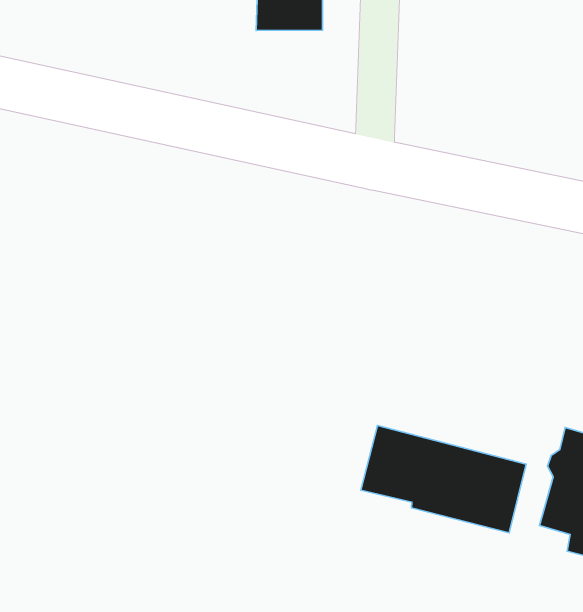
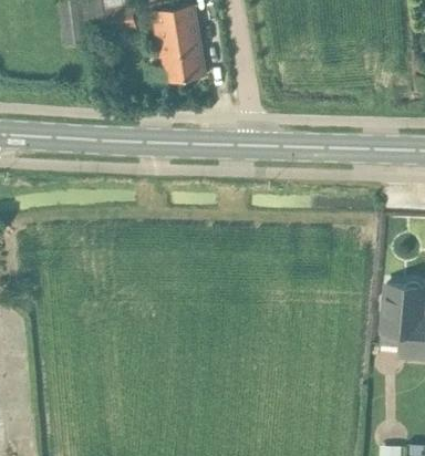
building: [361,425,526,533] -> none

